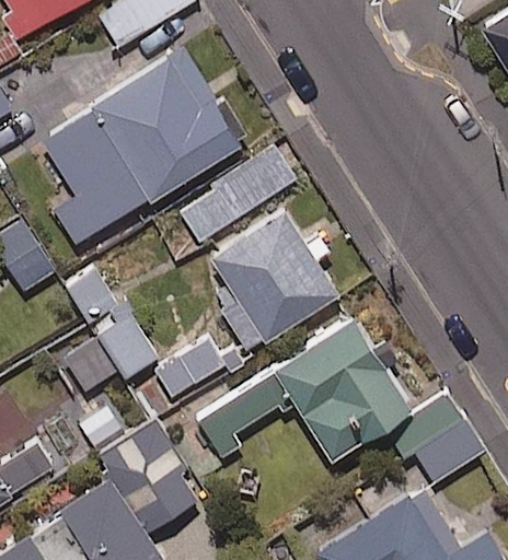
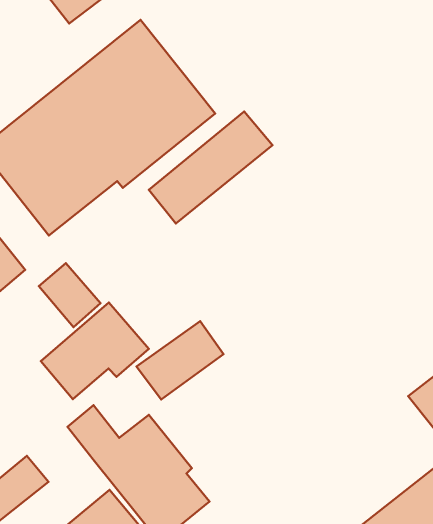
building: [196,210,338,350] -> none
building: [200,317,415,460] -> none

